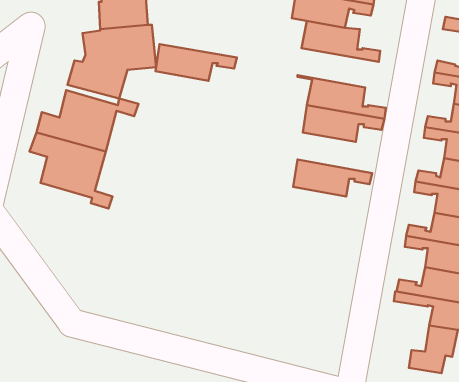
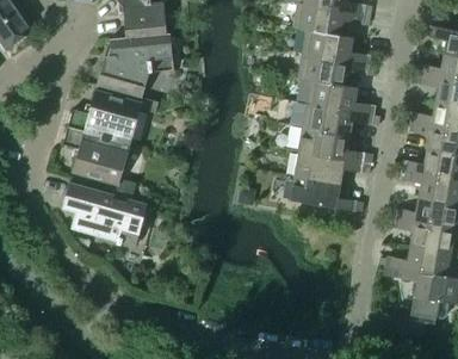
building: [155,44,237,81] -> [297,52,369,85]
building: none -> [297,126,364,162]
building: none -> [289,174,355,211]
building: none -> [62,182,146,245]

